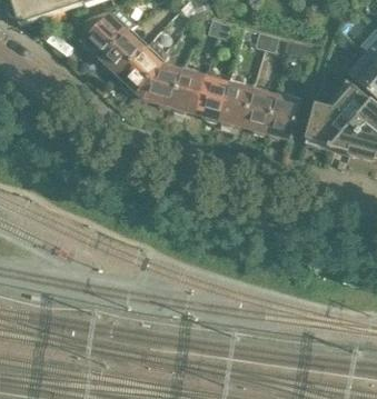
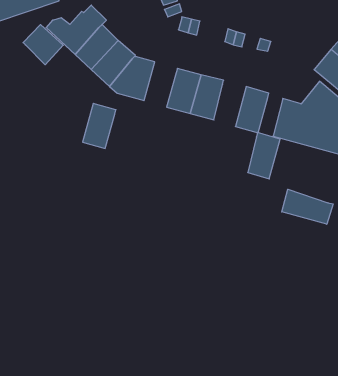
building: none -> [23,25,63,65]
building: [171,66,206,112] -> [83,103,116,148]
building: [244,84,277,132] -> [248,133,280,179]
building: none -> [282,189,333,224]

